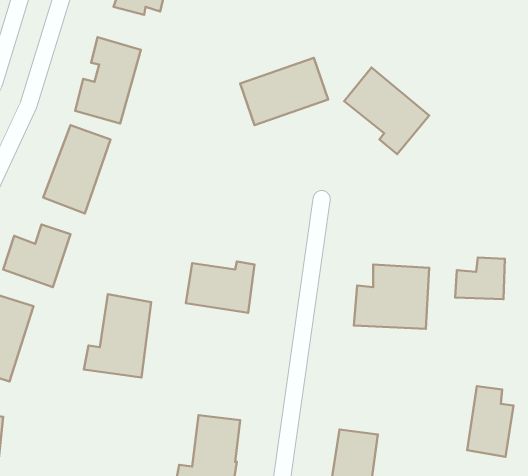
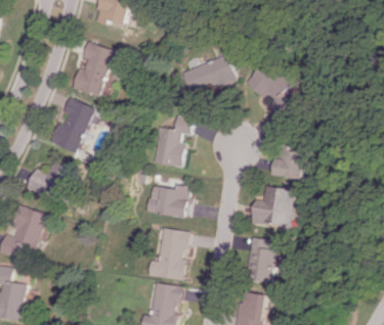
building: none -> [150,115,190,167]
building: [455,257,505,299] -> [273,150,305,177]
building: [84,294,151,378] -> [144,227,187,280]
building: [467,386,514,457] -> [246,237,275,282]

